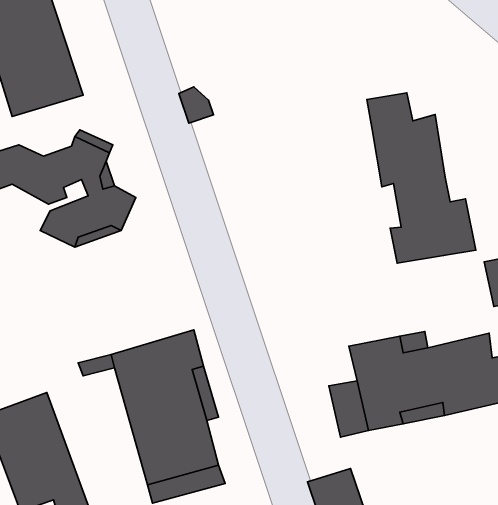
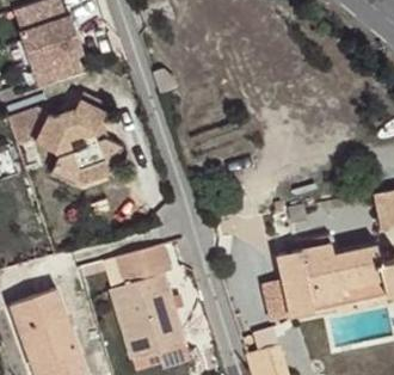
building: [367,93,476,263] -> none

